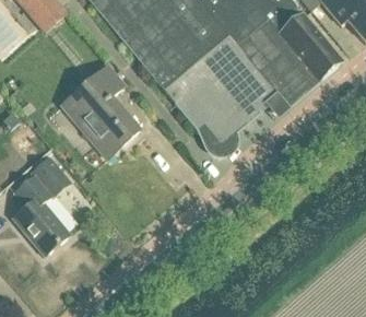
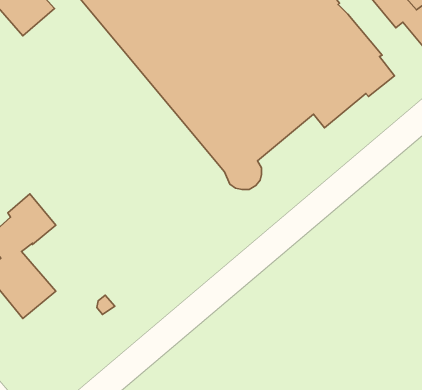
building: [62,66,138,158] -> none

